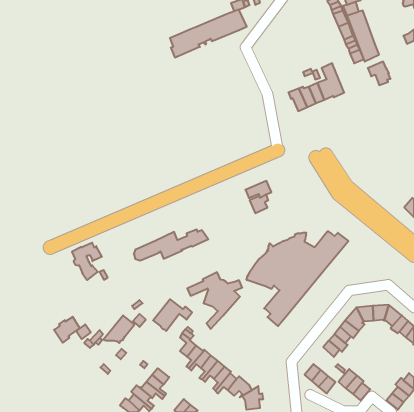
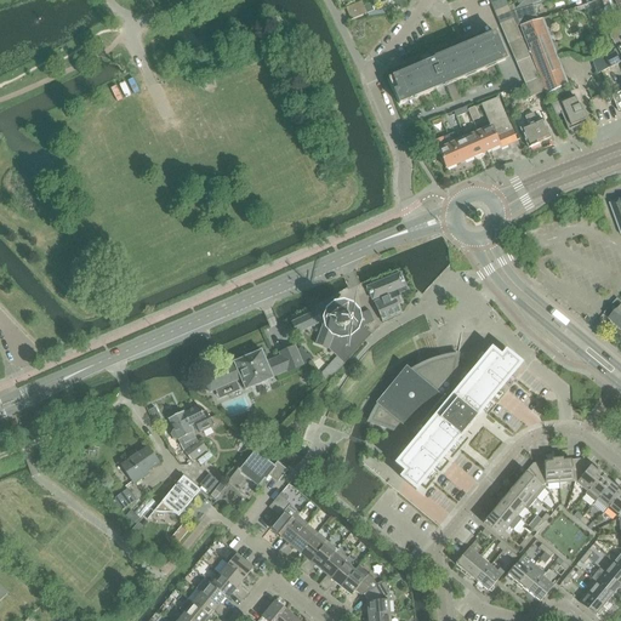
building: [170,10,247,57] -> [392,30,507,102]
building: none -> [520,110,549,146]
building: [72,243,102,280] -> [169,403,213,458]
building: [187,272,242,329] -> [291,295,374,380]
building: [54,317,80,343] -> [120,443,159,482]

